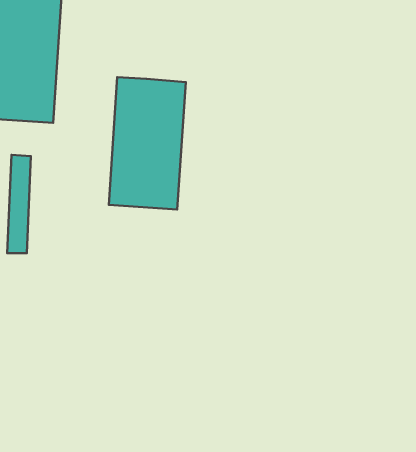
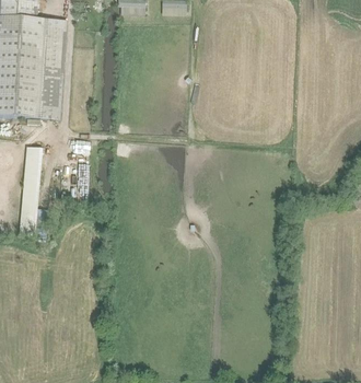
building: [109,77,186,210] -> none

